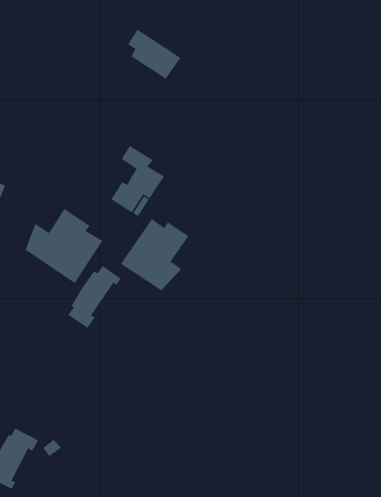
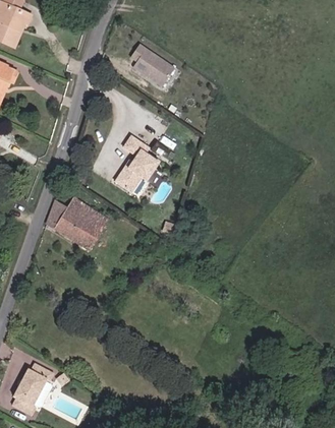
building: [120,218,189,291] -> none
building: [68,265,121,329] -> none

